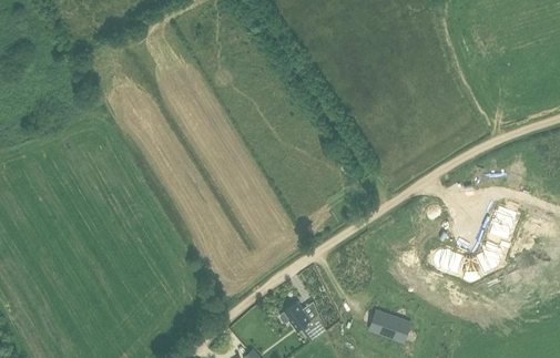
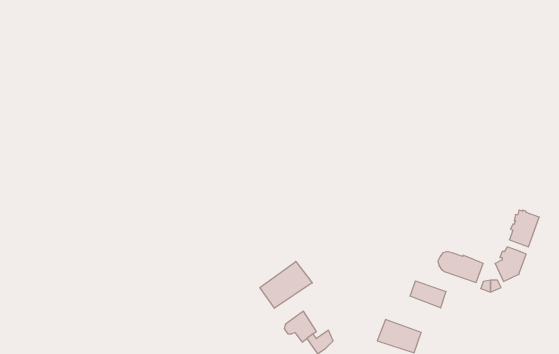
building: none -> [260,261,312,308]
building: none -> [410,281,446,308]

